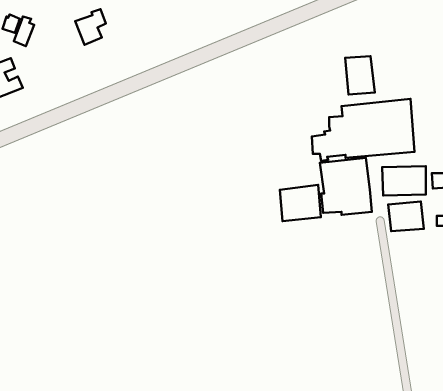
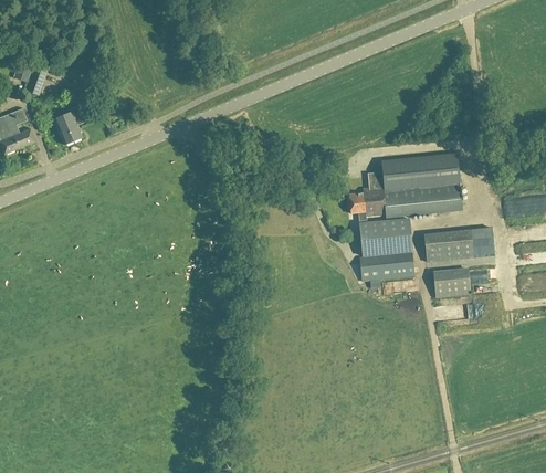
building: [75,9,106,45] -> [53,106,86,145]
building: [345,56,375,94] -> none
building: [280,185,321,221] -> none

